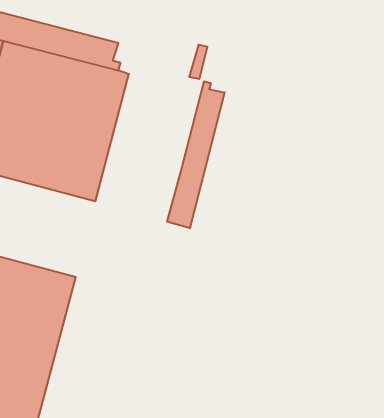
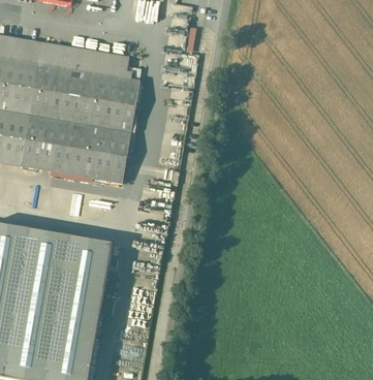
building: [167,81,225,228] -> none

